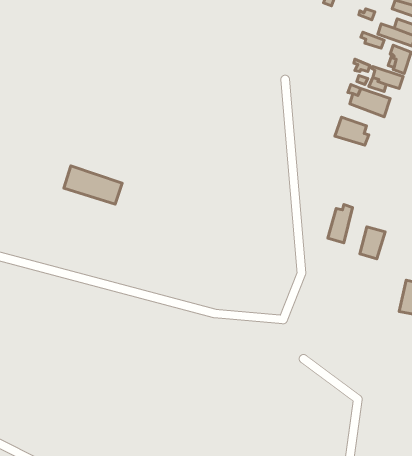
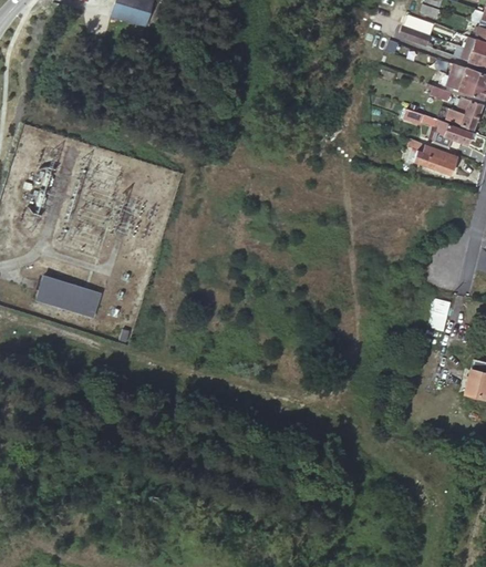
building: [335,117,369,145] -> none
building: [64,166,122,204] -> [34,276,99,318]
building: [328,204,353,243] -> none

